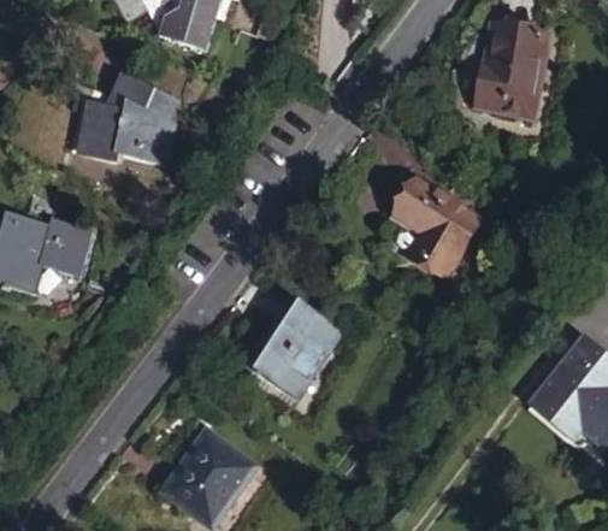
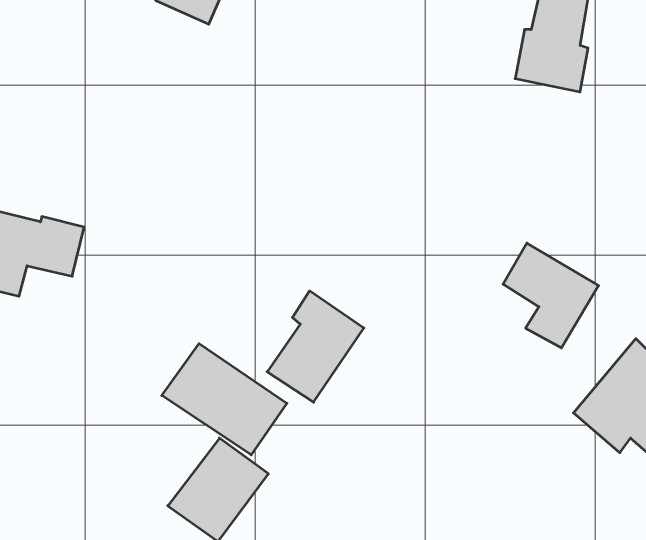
building: [75,79,172,167] -> none
building: [395,171,482,266] -> [503,243,599,348]
building: none -> [162,344,287,455]

